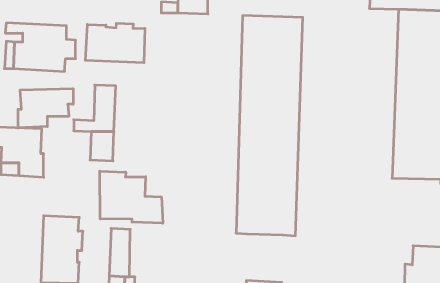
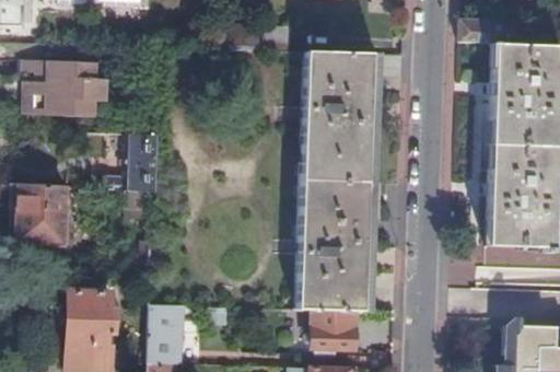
building: [85,23,145,63] -> none
building: [18,89,73,128] -> none
building: [100,171,163,223] -> none
building: none -> [313,312,355,350]

